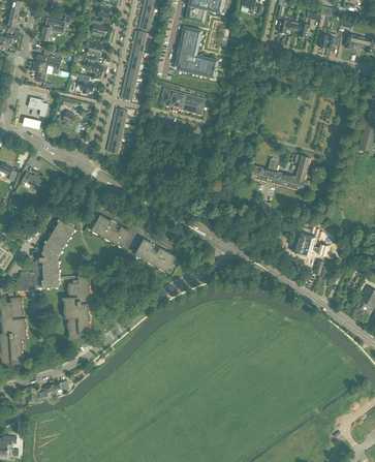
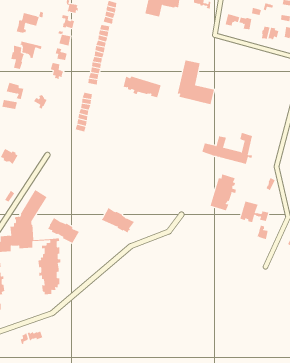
building: [174,26,217,78] -> [177,60,215,105]
building: none -> [210,173,236,211]
building: [93,215,130,245] -> [47,217,80,243]

